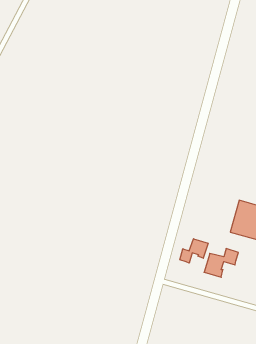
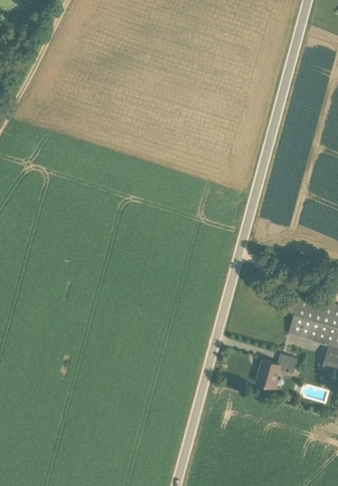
building: [180,239,208,263] -> none

